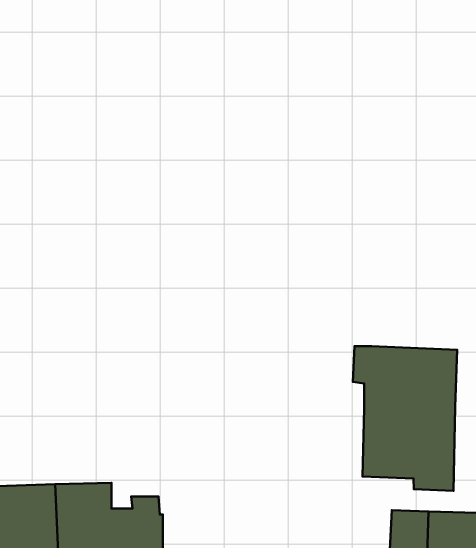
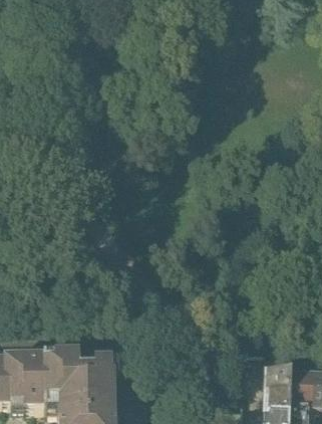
building: [353,346,457,491] -> none

